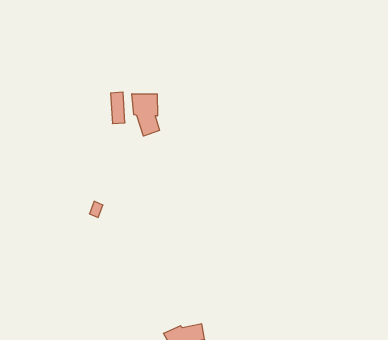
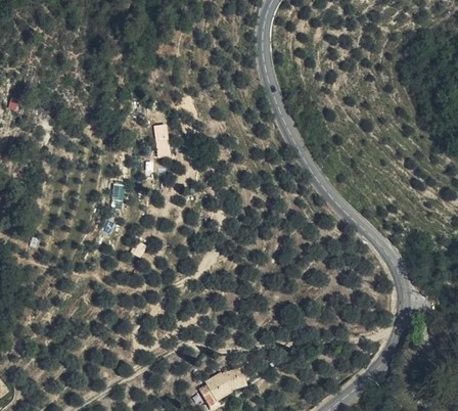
building: [132,94,160,136] -> none

